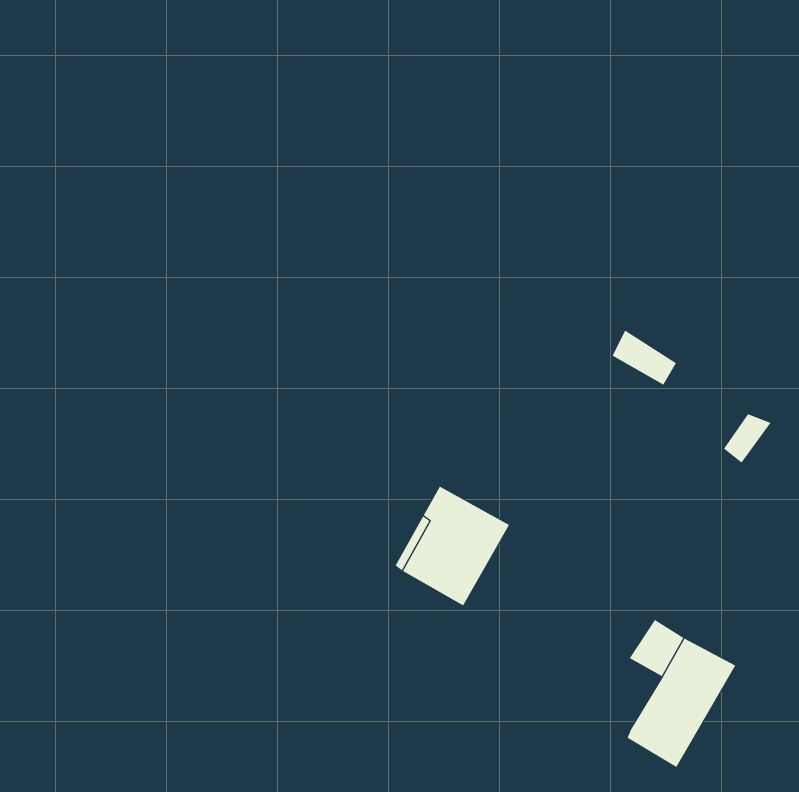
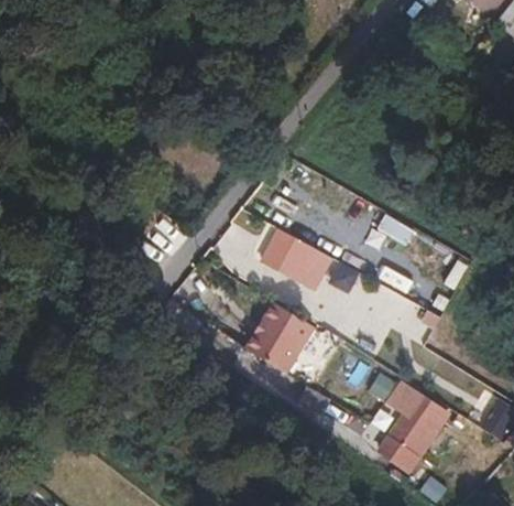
building: none -> [262,228,330,289]

